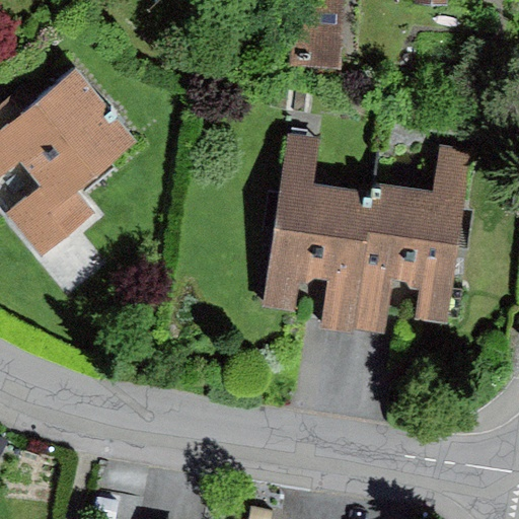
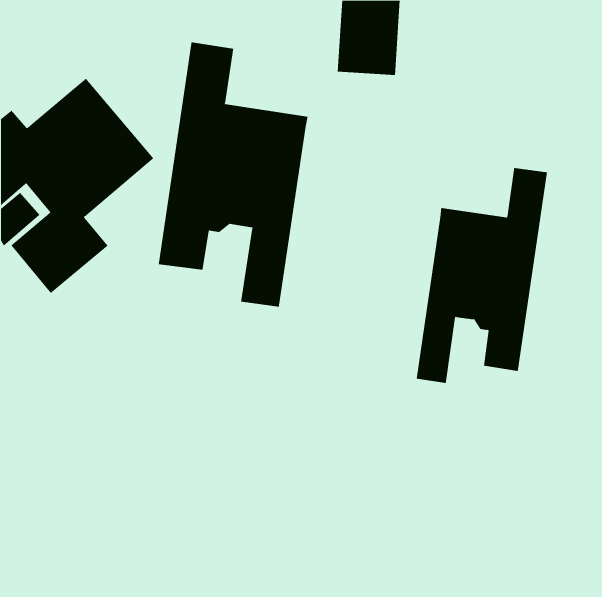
building: none -> [158,41,308,308]
building: [263,132,378,336] -> none

